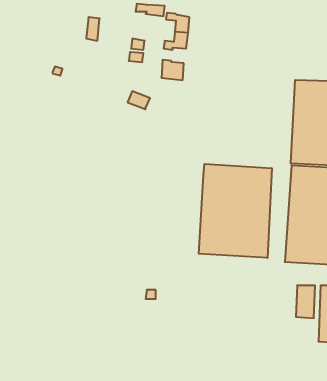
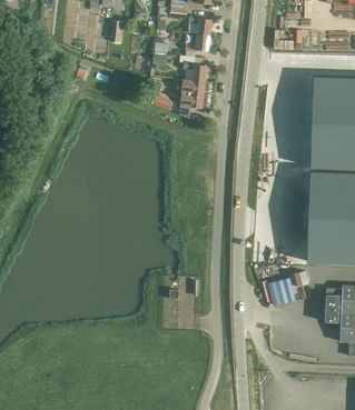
building: none -> [179,78,205,108]
building: [199,164,272,258] -> none

